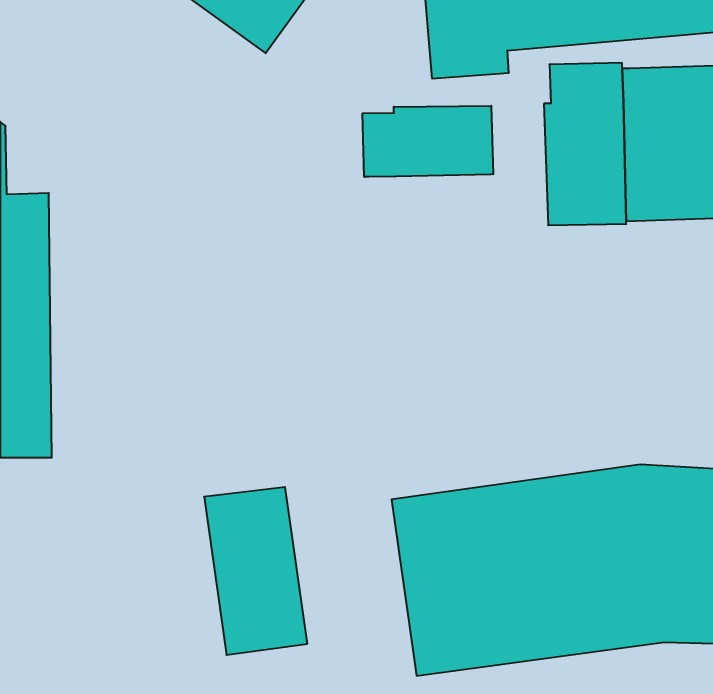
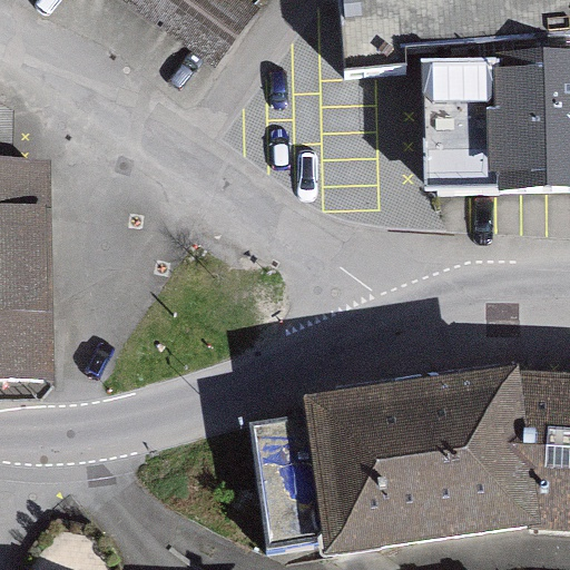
building: [363,106,493,177] -> none
building: [204,487,307,655] -> [249,405,332,539]

